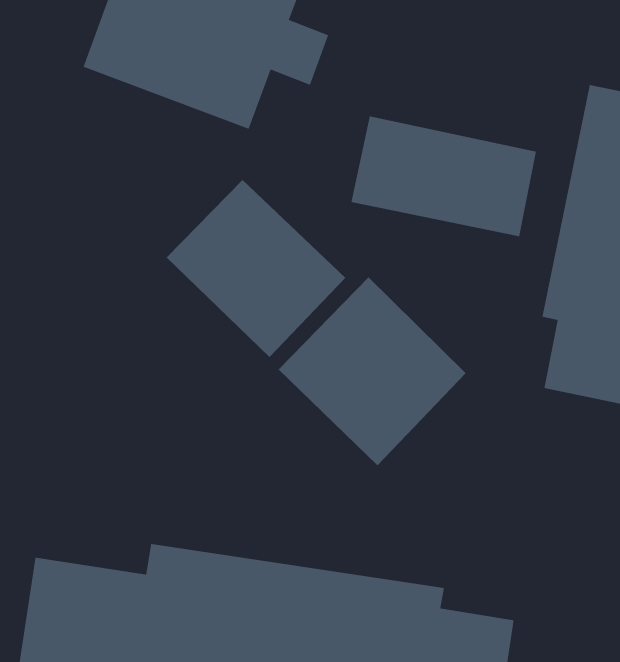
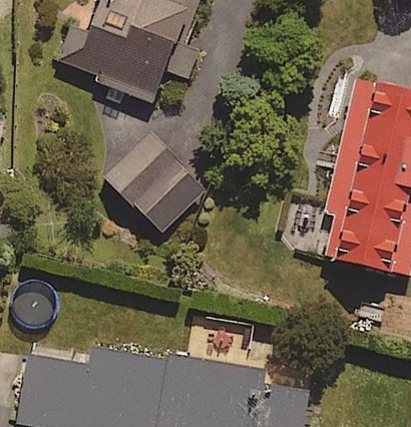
building: [351,115,537,237] -> none
building: [278,277,467,466] -> none

